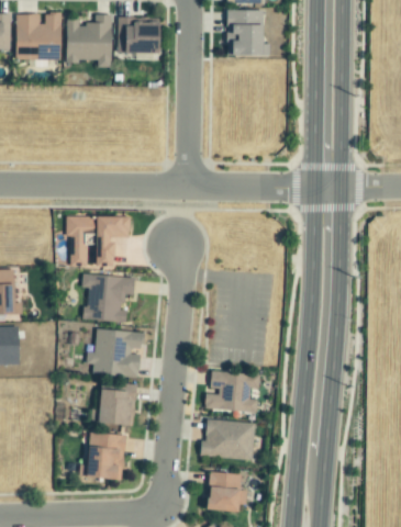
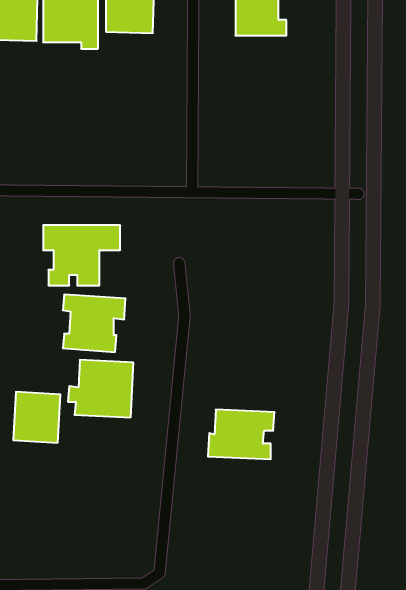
building: [97,382,136,425] -> [13,392,60,443]
building: [203,419,255,458] -> none
building: [79,431,125,479] -> none
building: [207,471,247,511] -> none

